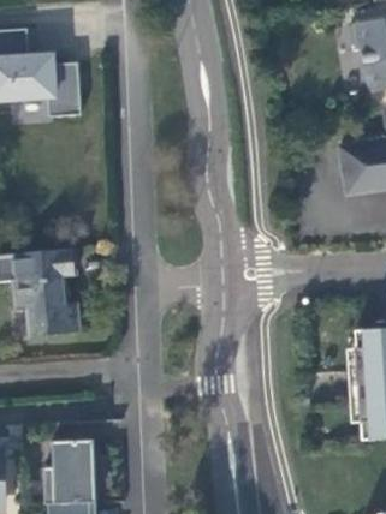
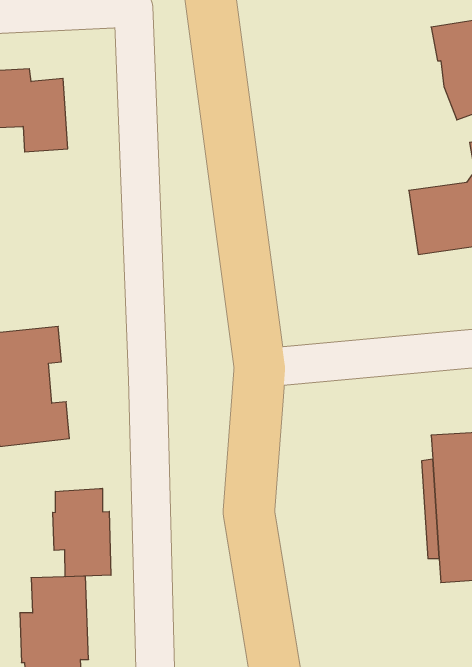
building: none -> [53,488,111,577]

